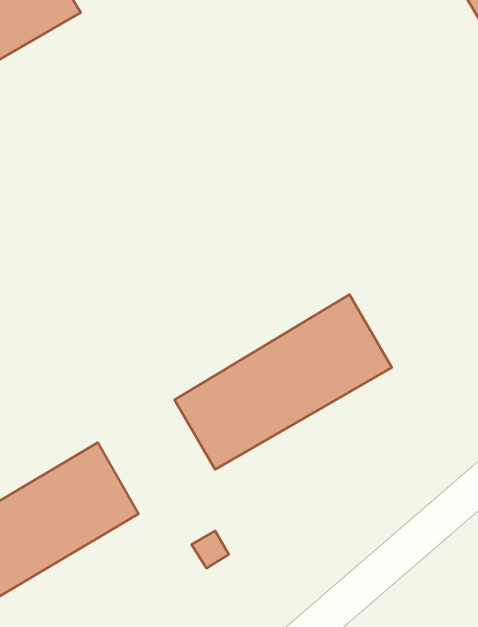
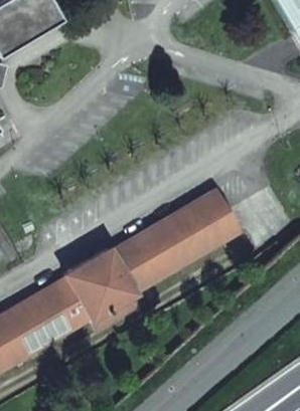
building: none -> [67,246,145,329]

